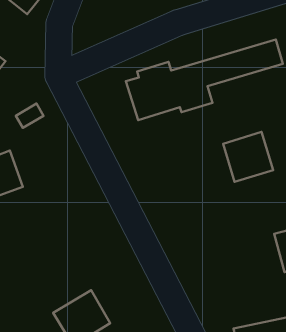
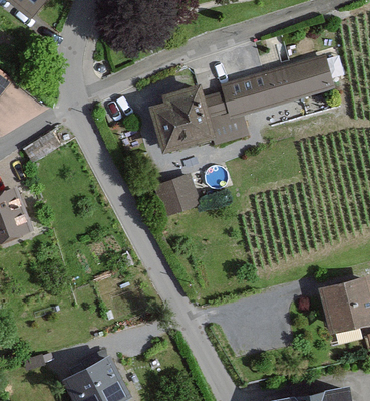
building: [223,132,273,182] -> none
building: none -> [151,175,198,220]

